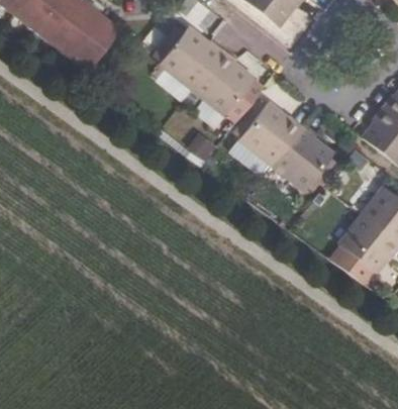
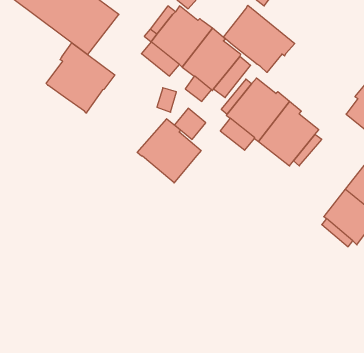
building: none -> [223,5,295,72]
building: none -> [46,43,115,113]
building: none -> [137,119,201,183]

